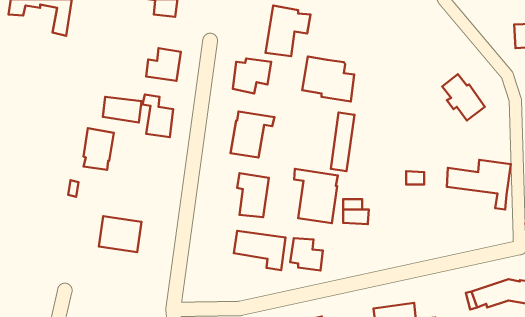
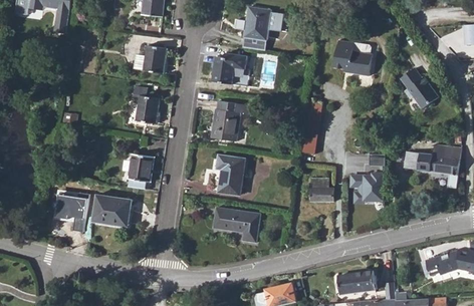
building: [302,56,354,101] -> [333,40,380,80]
building: [103,97,141,122] -> none
building: [83,128,114,170] -> [128,152,155,190]
building: [294,169,338,223] -> none
building: none -> [349,174,384,210]
building: none -> [54,192,87,232]
building: [290,238,323,271] -> none

